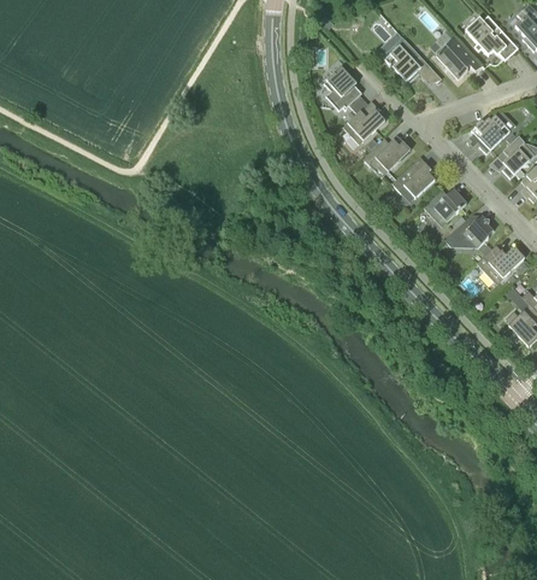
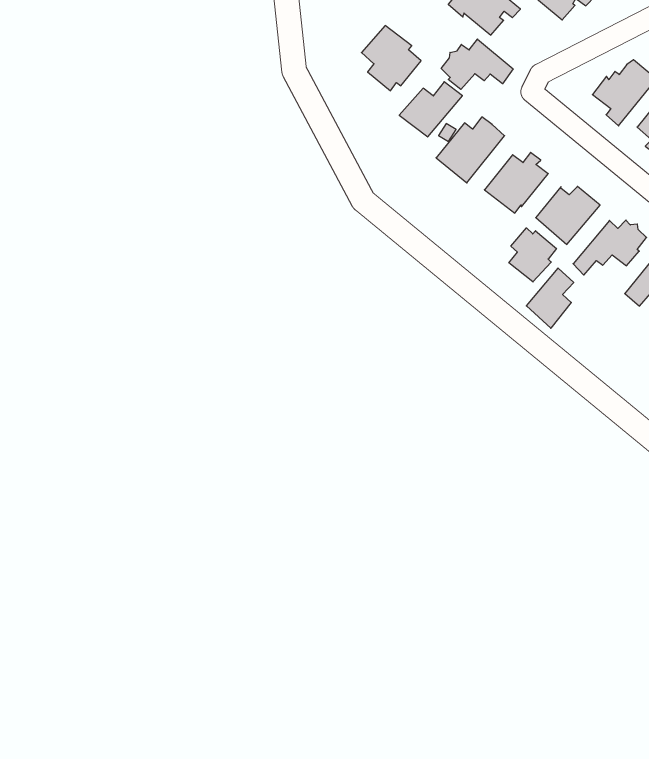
building: none -> [441,39,513,89]
building: none -> [509,228,556,282]
building: none -> [526,268,574,328]

